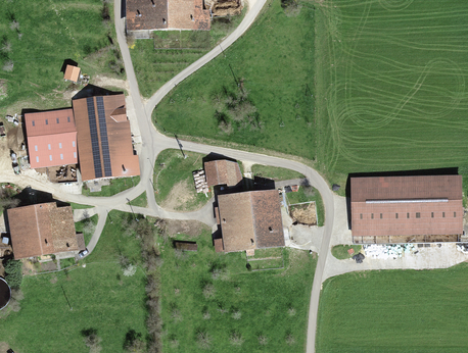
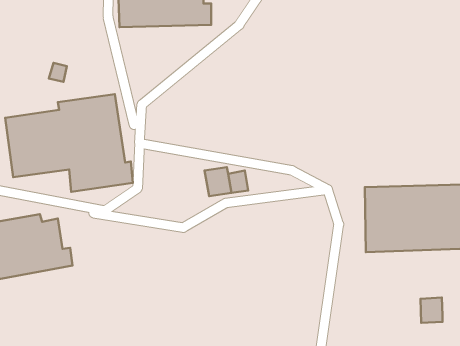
building: [215,190,284,252] -> none
building: none -> [420,298,443,323]

